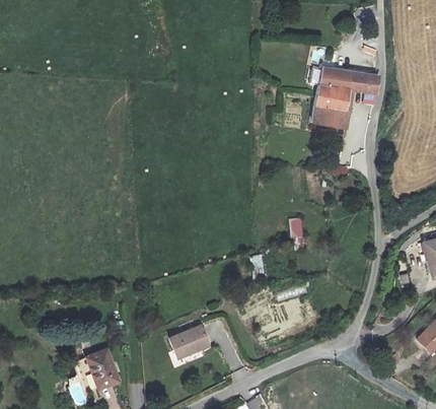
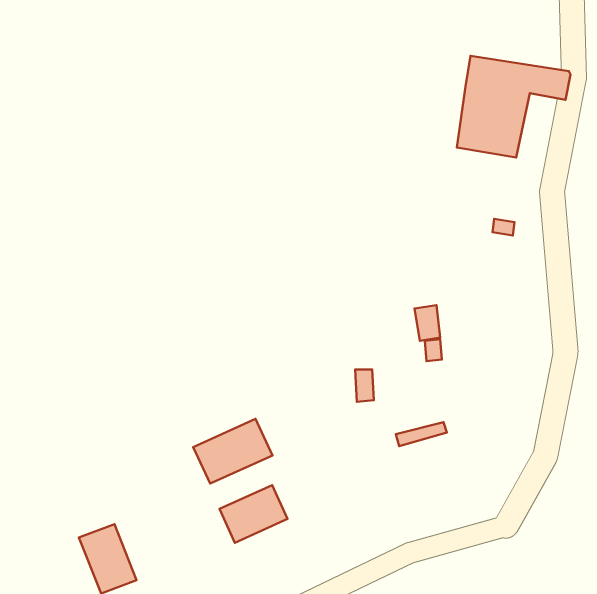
building: none -> [193,419,272,484]

